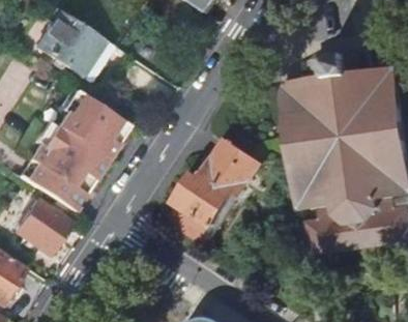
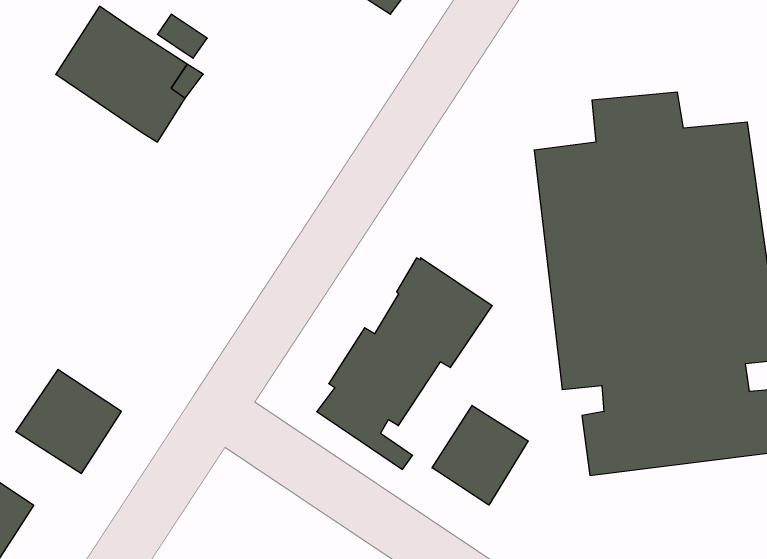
building: [22,94,117,204] -> none
building: none -> [432,405,528,505]

